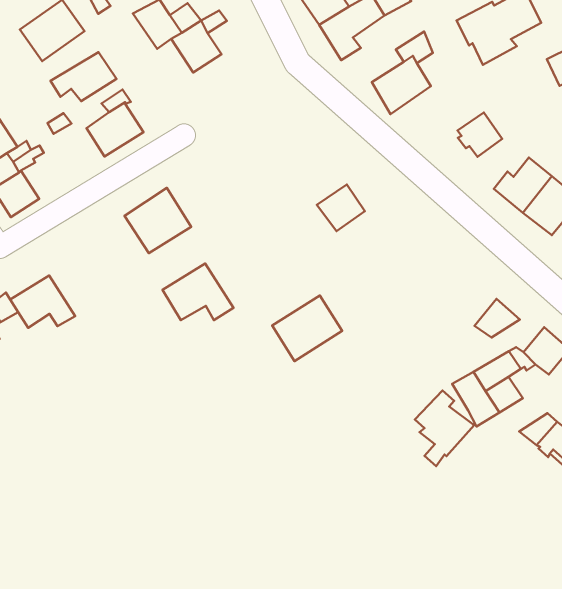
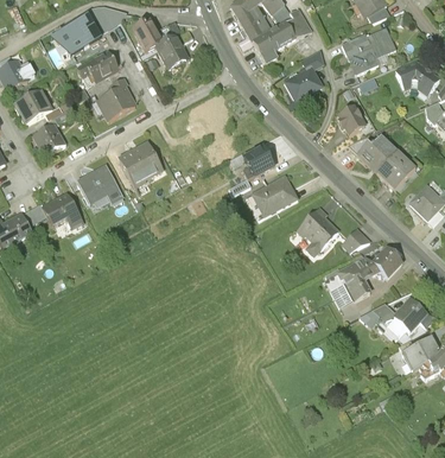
building: [163,264,233,320] -> [78,165,123,202]
building: [272,295,342,361] -> [253,174,298,216]
building: [415,390,474,466] -> [300,205,338,254]

